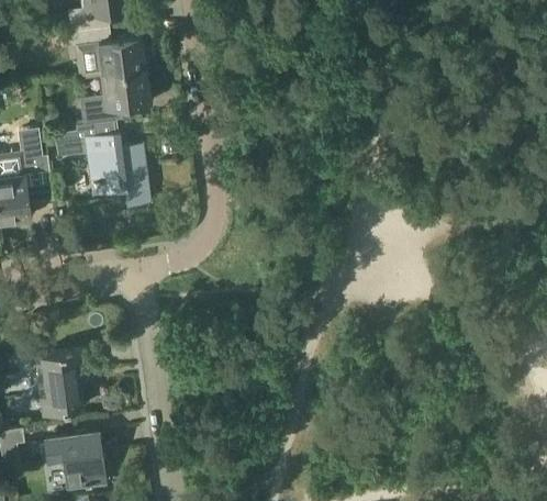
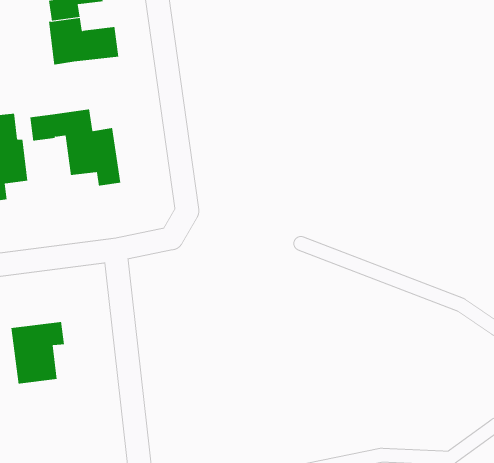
building: [82,69,155,125] -> none
building: [43,428,113,492] -> none

